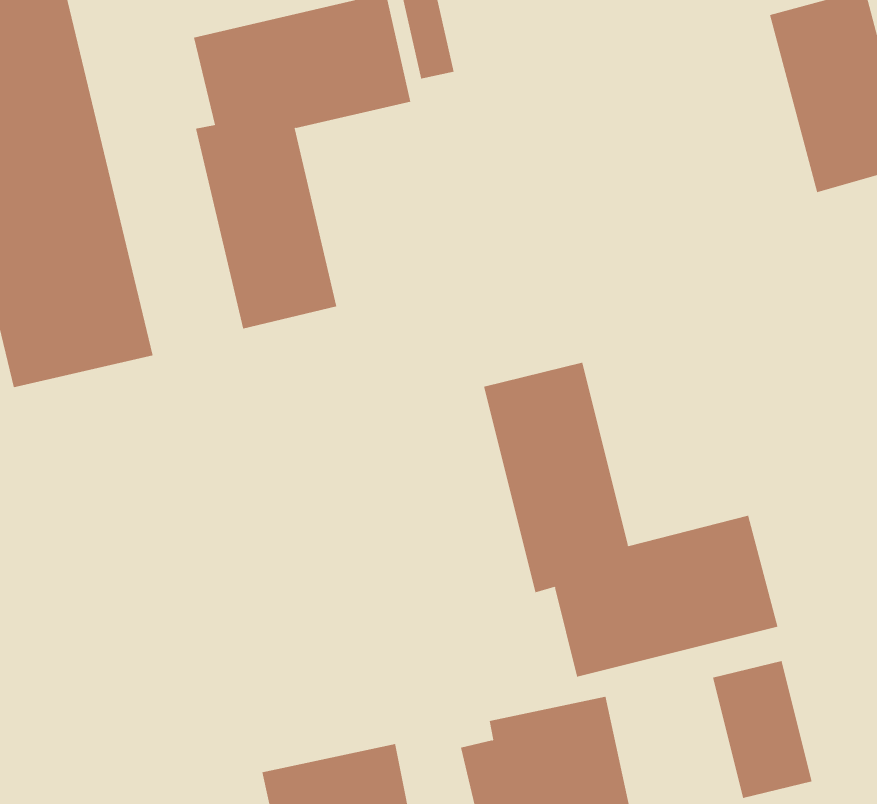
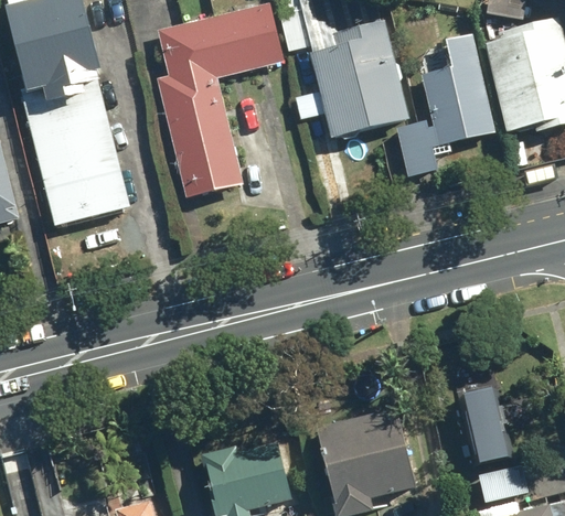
building: none -> [297,22,408,139]
building: none -> [399,60,494,176]
building: [483,362,778,678] -> none

